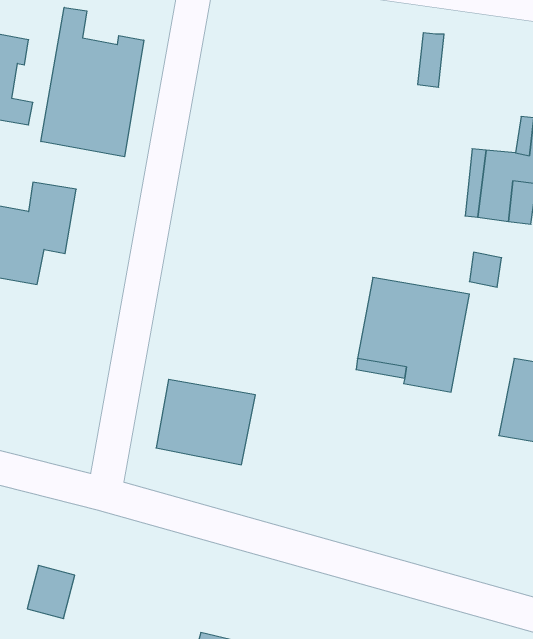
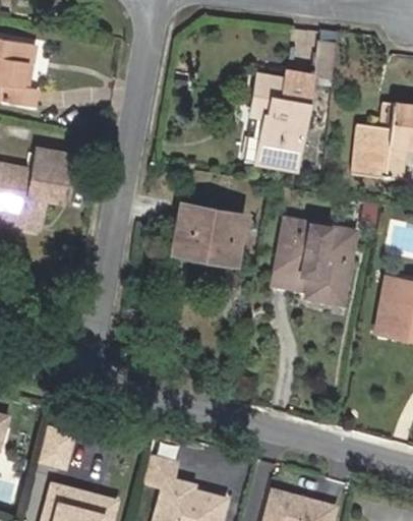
building: [41,7,144,157] -> none
building: none -> [245,70,313,168]
building: [156,379,255,465] -> [172,201,244,264]

